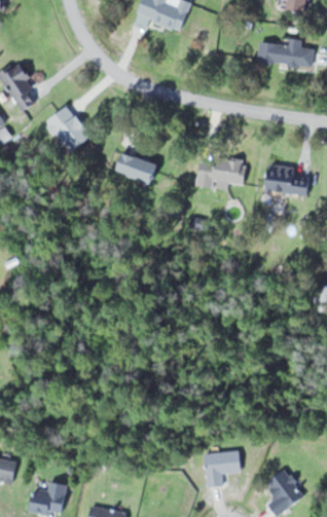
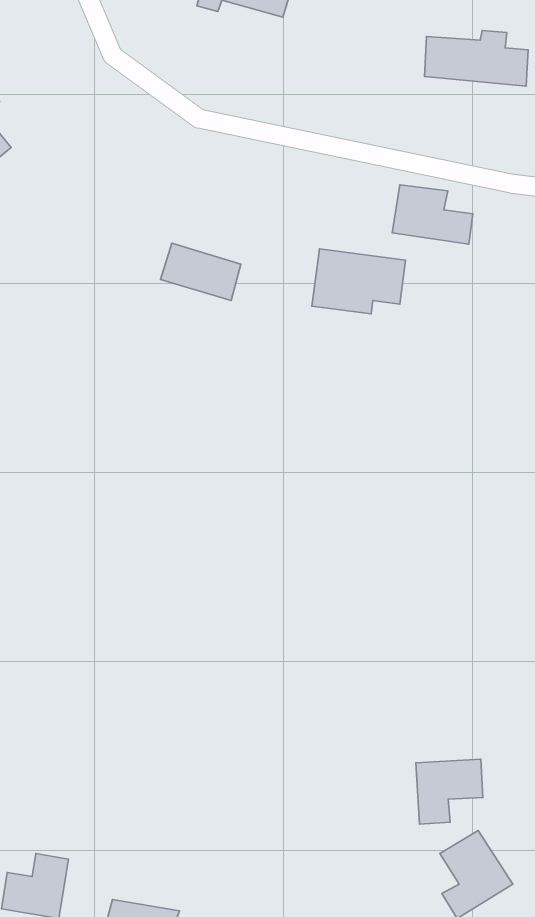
building: [45,106,92,154] -> none
building: [266,164,310,196] -> [392,185,473,244]
building: [204,452,240,487] -> [416,759,483,824]

